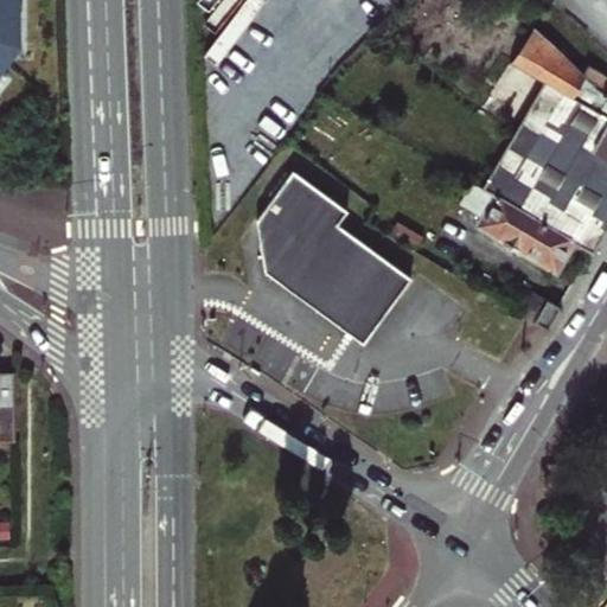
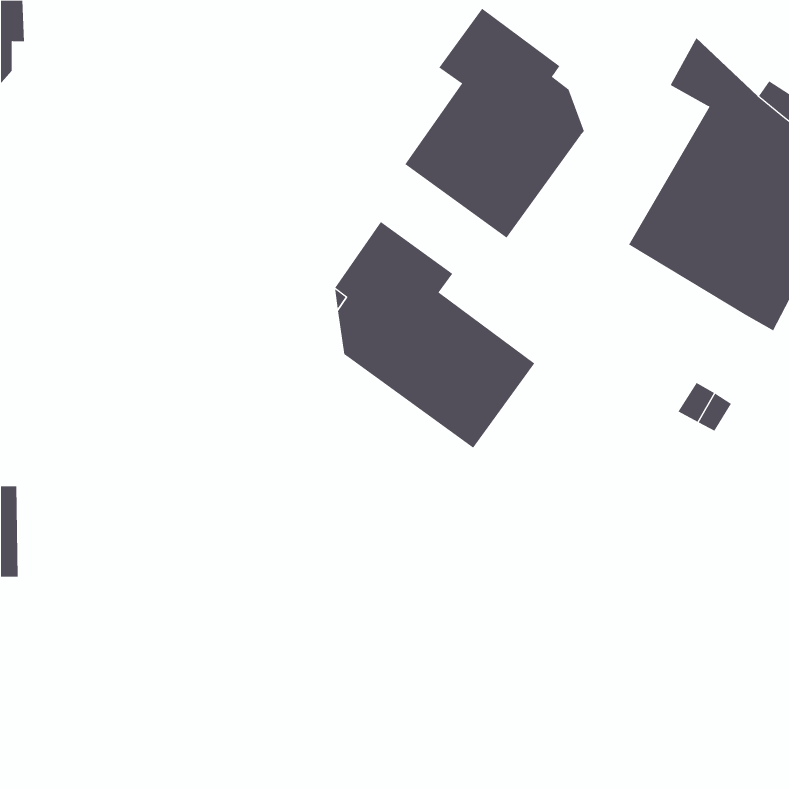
building: none -> [404,8,584,238]
building: [461,184,573,271] -> none

